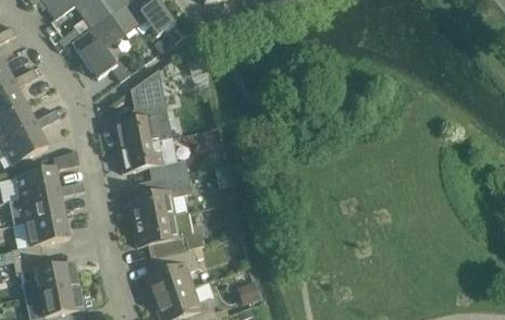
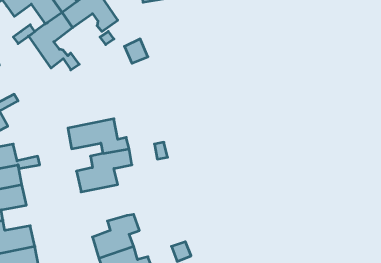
building: [113,71,171,149] -> none
building: [133,212,204,258] -> none

